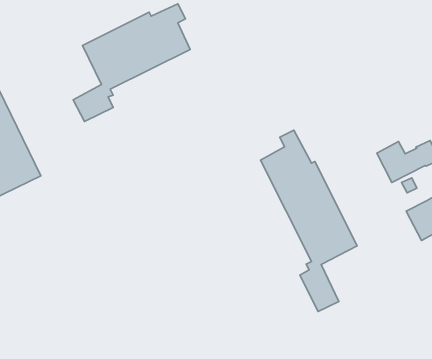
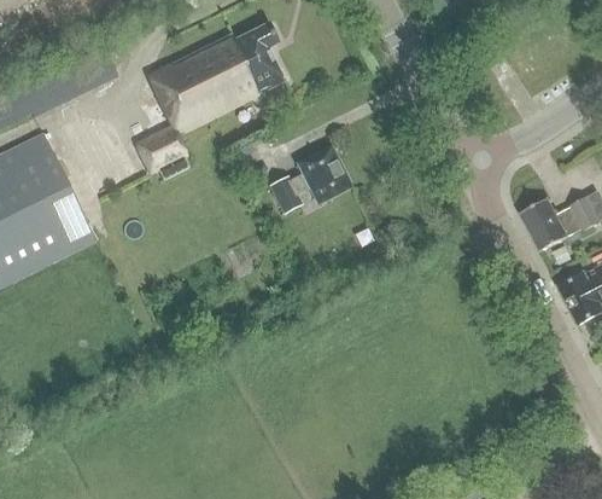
building: none -> [269,146,349,211]
building: [261,130,357,311] -> none

